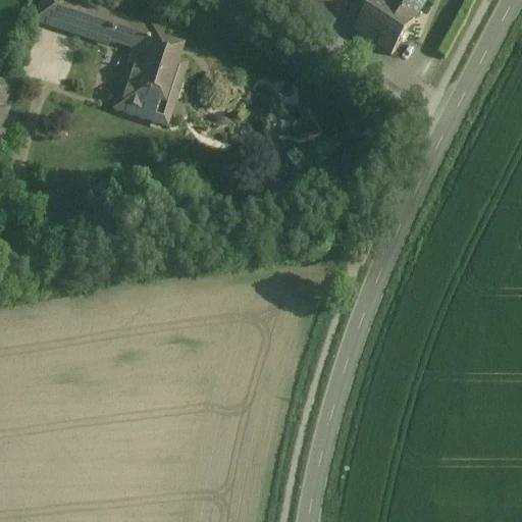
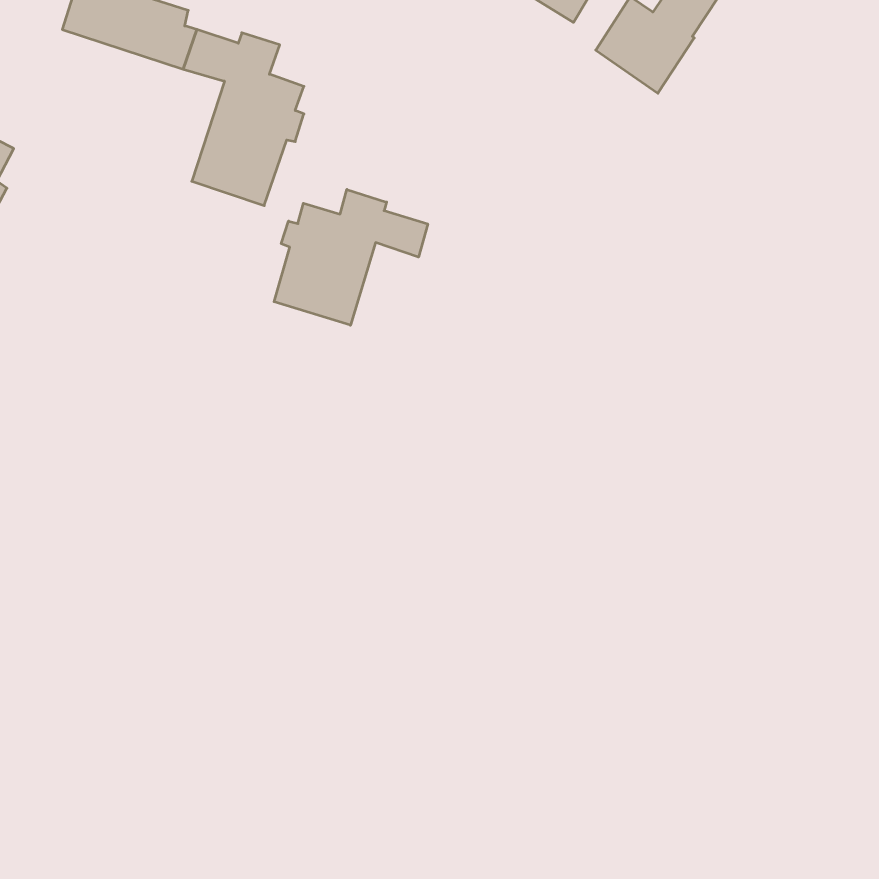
building: none -> [274,189,428,325]

